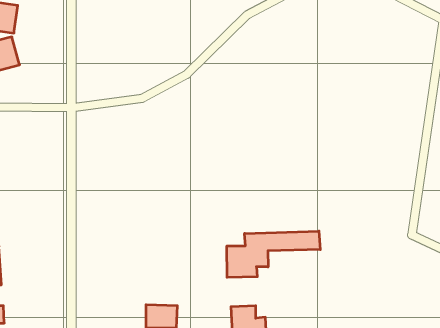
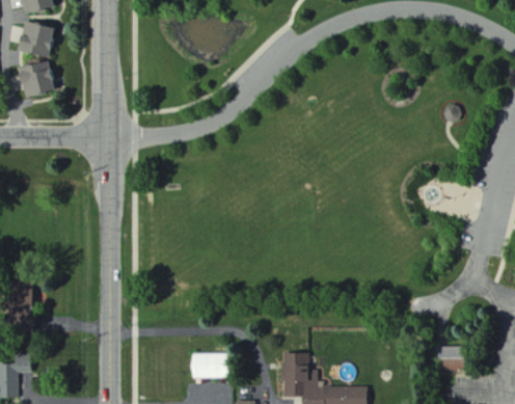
building: [227,231,320,277] -> none
building: none -> [439,345,464,368]

